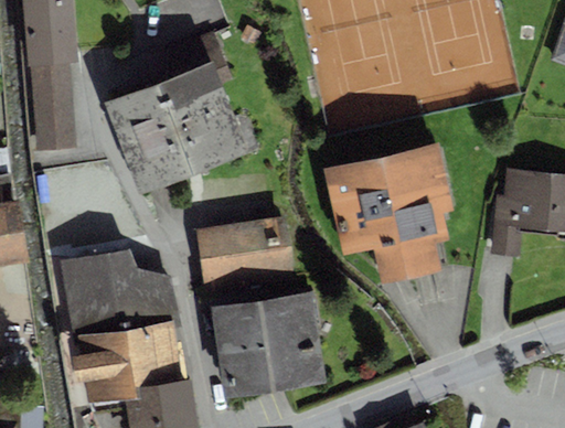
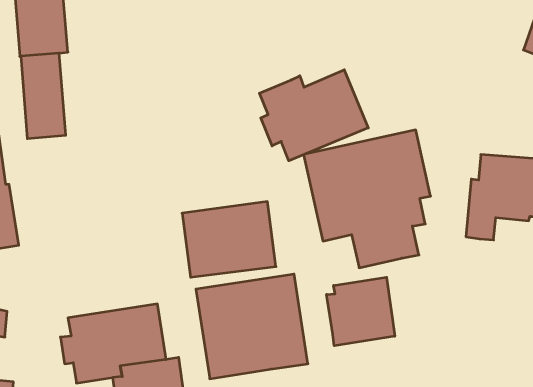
building: [102,31,246,195] -> none
building: none -> [259,70,368,161]
building: [58,249,179,338] -> none
building: none -> [327,277,395,346]

